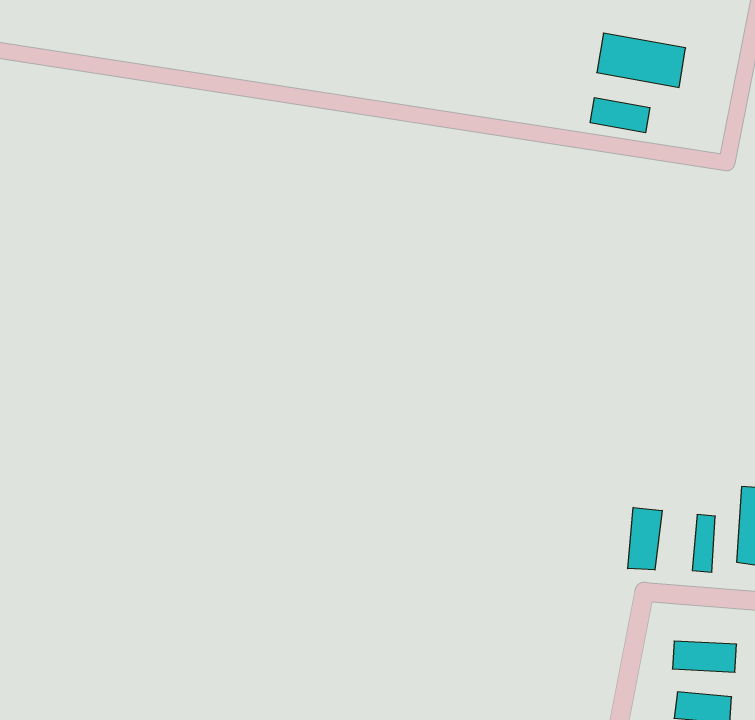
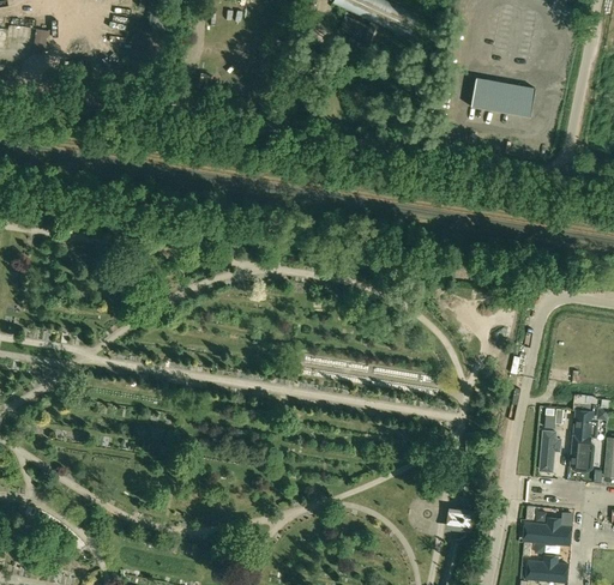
building: [590,98,650,133] -> none
building: [628,507,662,570] -> none

